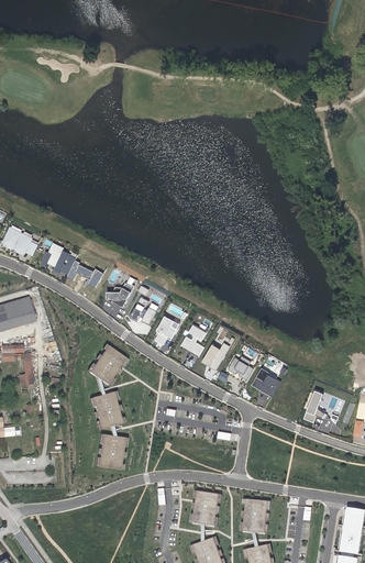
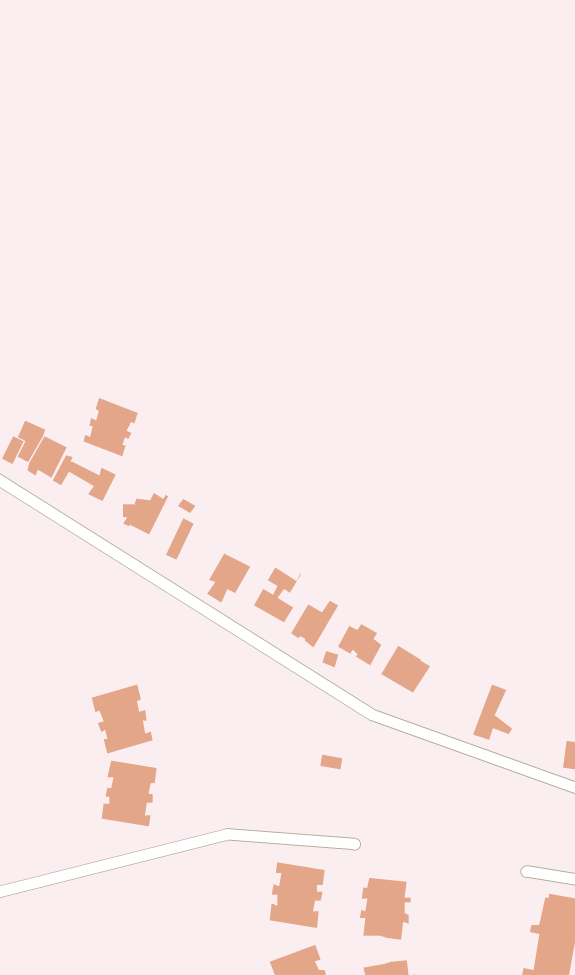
building: none -> [83,397,139,457]
building: [86,344,128,386] -> none

